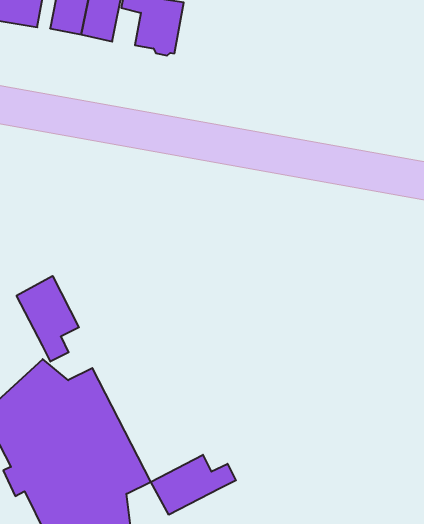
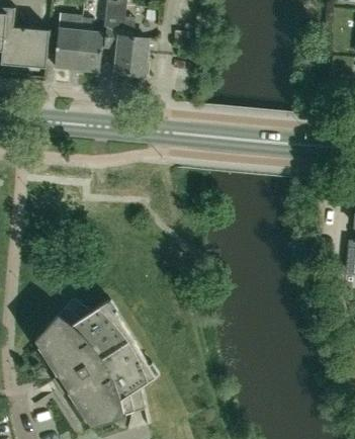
building: [17,276,79,362] -> none
building: [151,455,236,515] -> none

